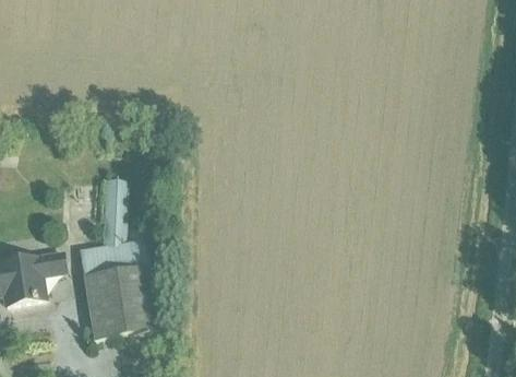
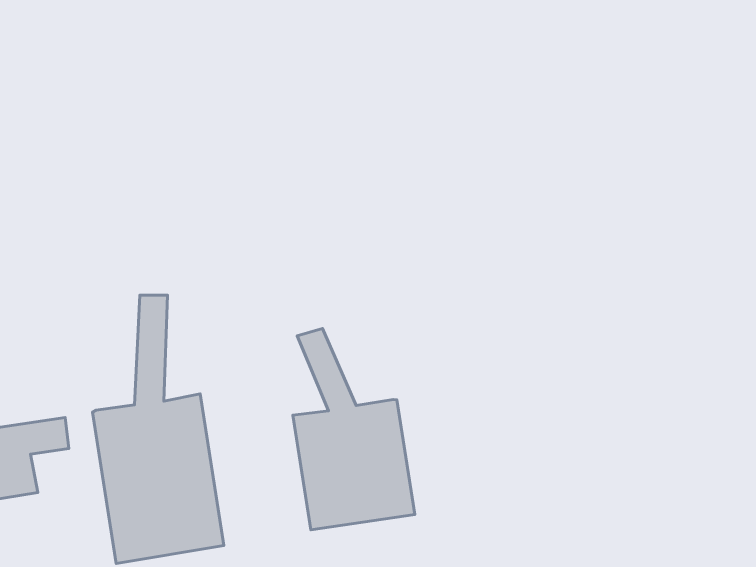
building: none -> [293,329,415,530]

